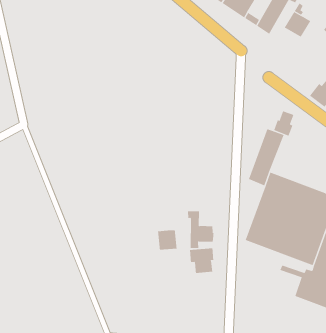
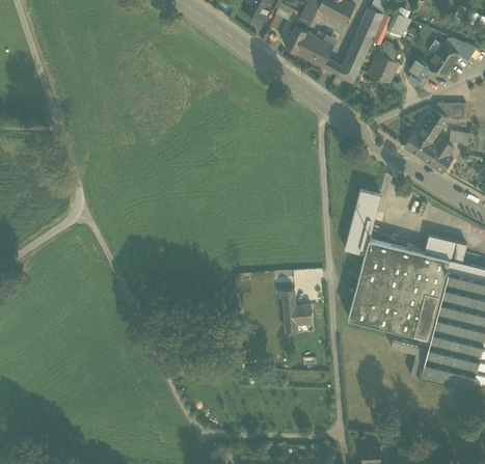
building: [273,110,294,137] -> none
building: [157,229,177,251] -> none
building: [188,247,214,274] -> none

